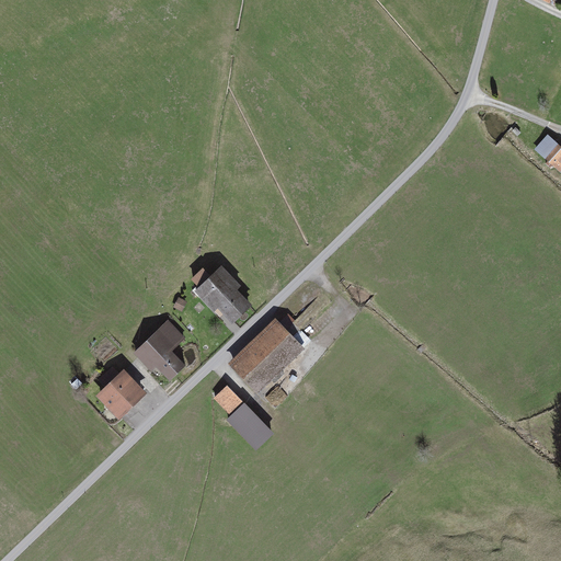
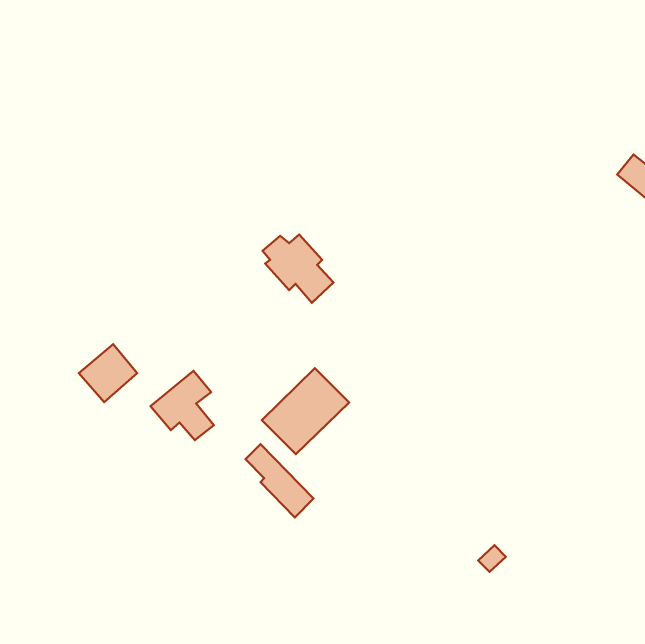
building: [190,264,251,323] -> [263,234,333,303]
building: [93,368,144,419] -> [79,344,137,402]

